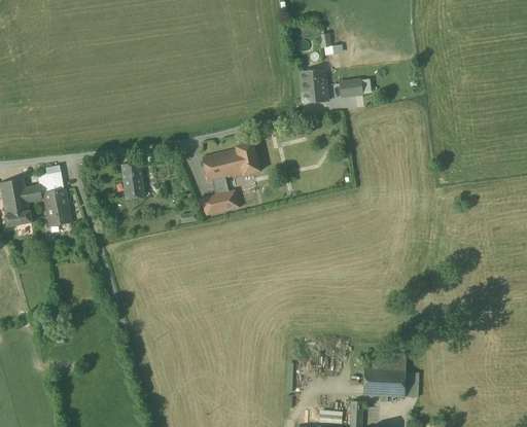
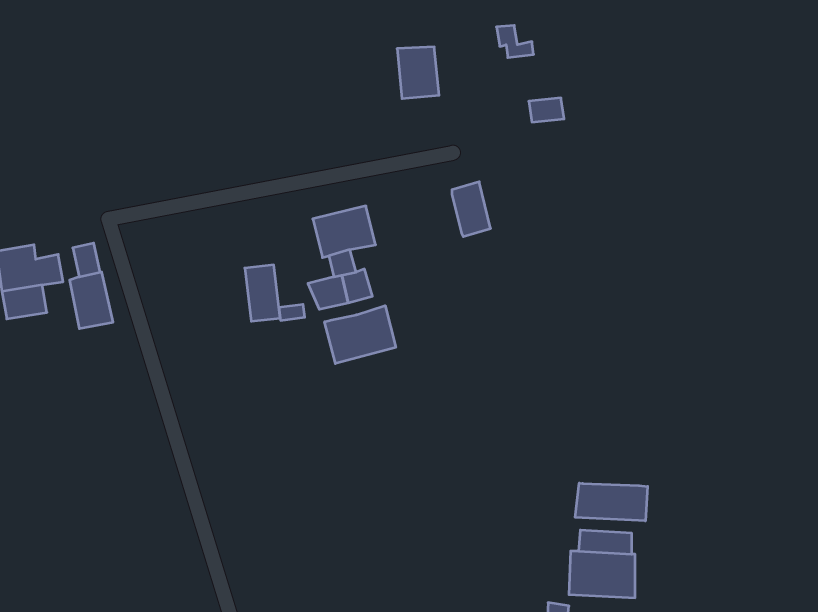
building: [300,71,326,104] -> [397,47,439,99]
building: [235,142,259,177] -> [452,182,491,237]
building: [120,164,143,200] -> [245,265,280,321]
building: none -> [325,306,396,364]
building: none -> [575,483,648,521]

